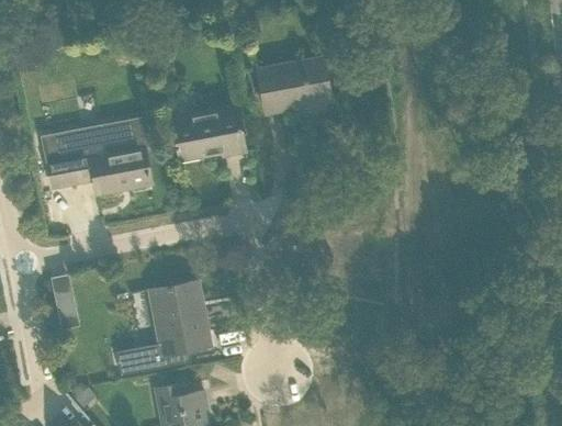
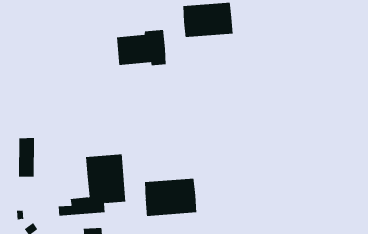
building: [43,117,151,193] -> none
building: none -> [144,178,197,217]

